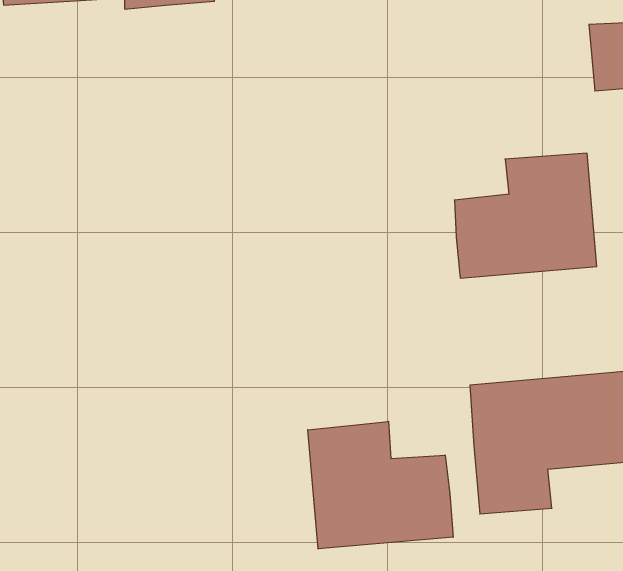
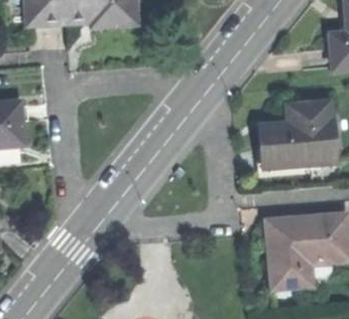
building: [308,421,453,549] -> none

